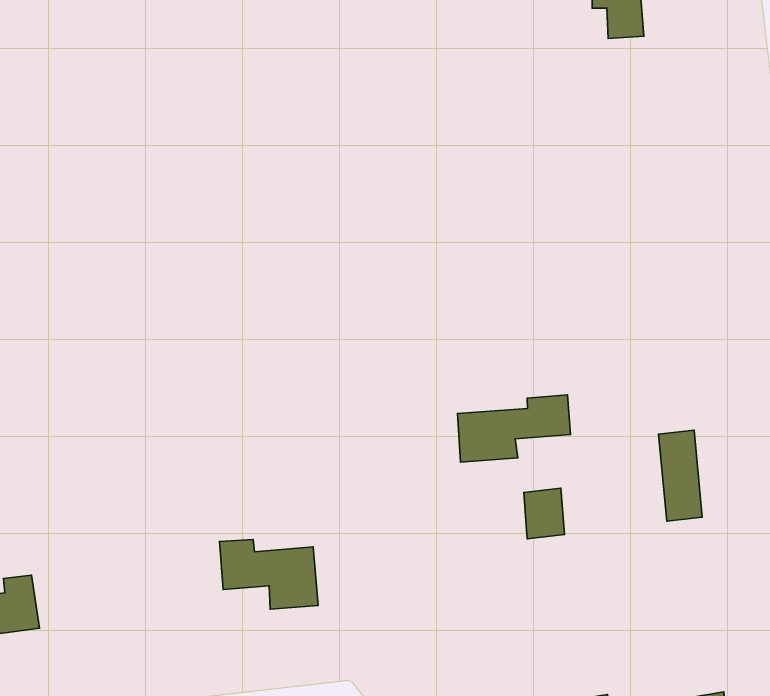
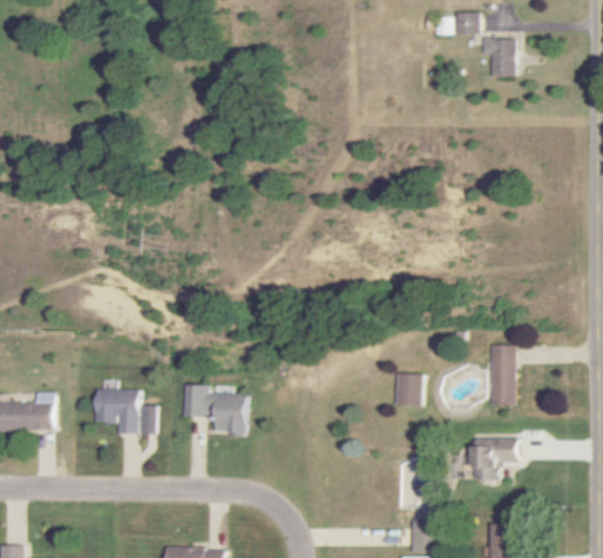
building: [457,395,571,462] -> none
building: none -> [99,390,157,434]
building: none -> [473,439,517,480]

